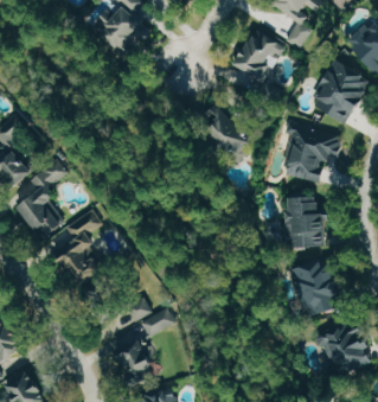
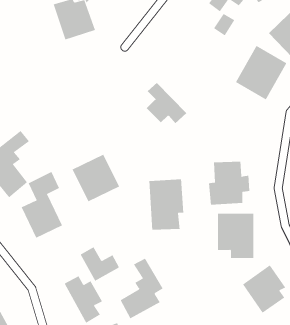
building: [228,31,284,85] -> none
building: [281,125,342,185] -> none
building: none -> [72,154,120,202]
building: none -> [149,178,184,231]
building: none -> [120,258,163,319]

